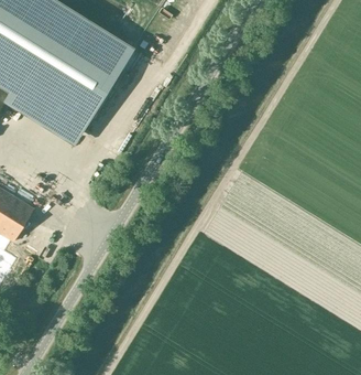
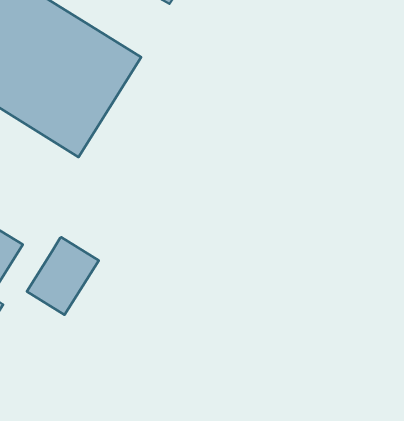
building: none -> [27,237,99,315]

